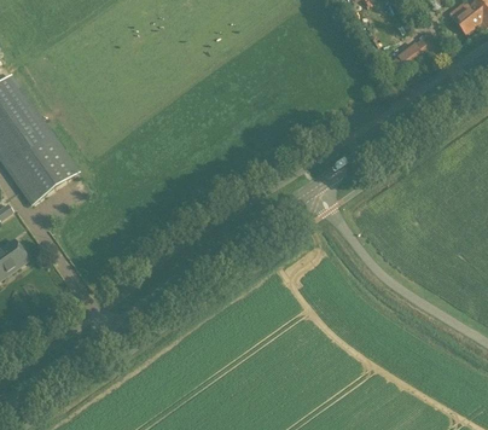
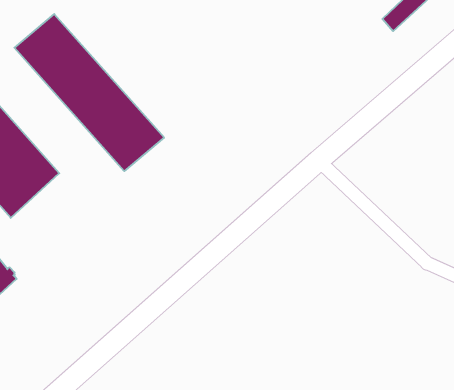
building: none -> [14,14,164,171]

